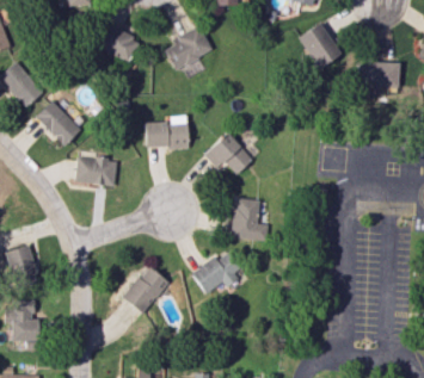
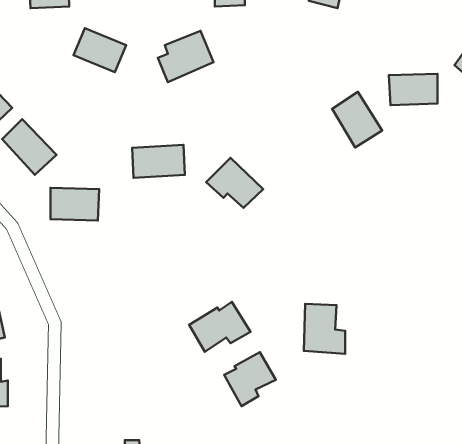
building: [300,23,342,69] -> [332,92,382,147]
building: [233,198,268,240] -> [304,304,345,354]
building: [122,266,170,315] -> none
building: none -> [224,352,276,406]

